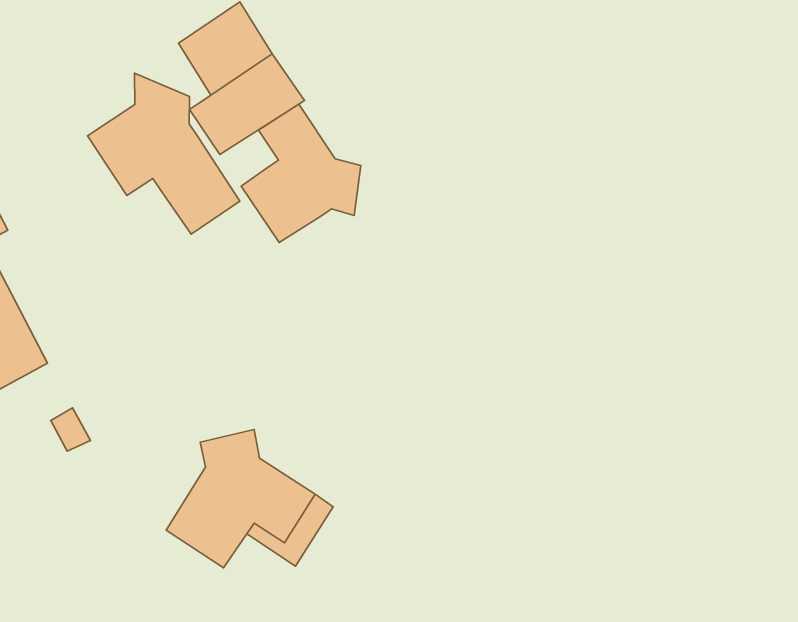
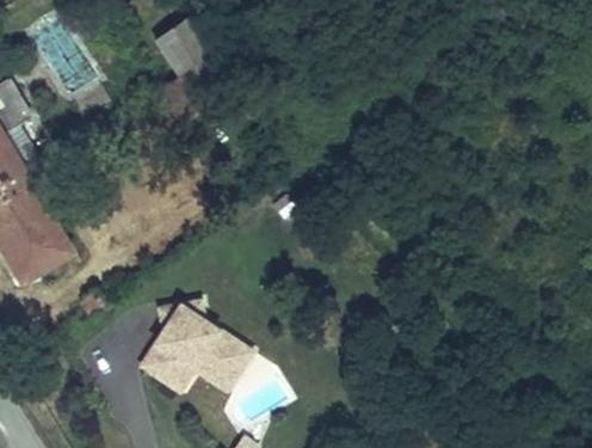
building: [88,73,240,234] -> none
building: [241,104,361,243] -> none

